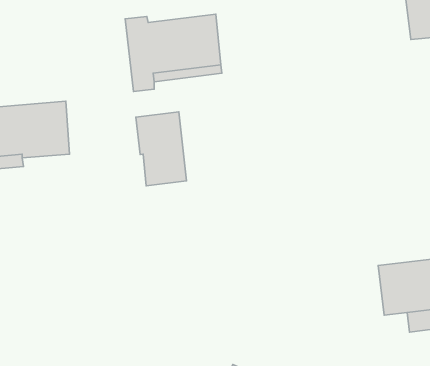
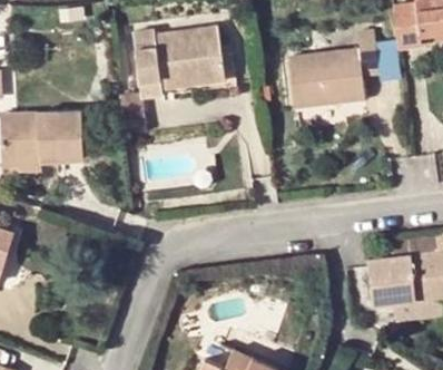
building: none -> [288,33,377,107]
building: [136,112,186,186] -> none

